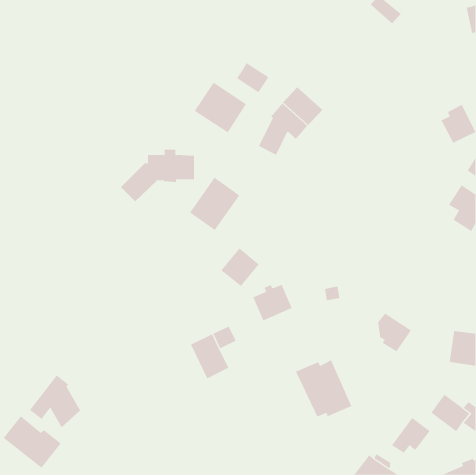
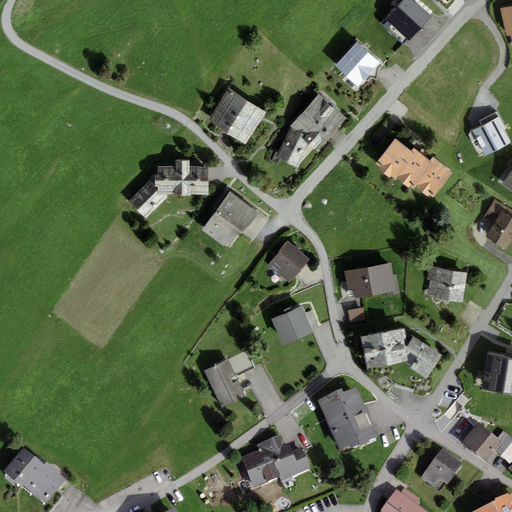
building: none -> [386,5,421,38]
building: none -> [335,41,380,86]
building: [236,62,269,93] -> none
building: none -> [376,138,452,196]
building: none -> [344,262,401,297]
building: [221,248,260,287] -> [268,240,310,282]
building: none -> [427,266,467,301]
building: none -> [361,328,407,368]
building: [29,374,81,428] -> none
building: none -> [241,434,311,486]

